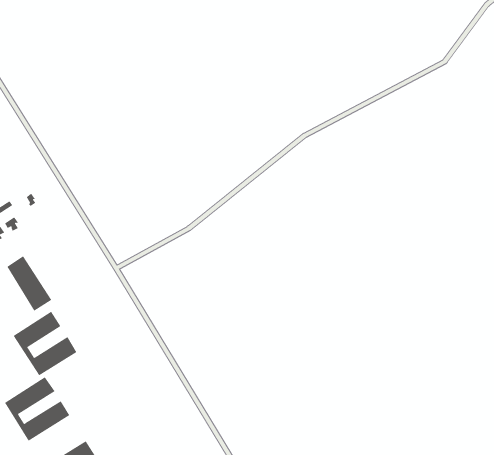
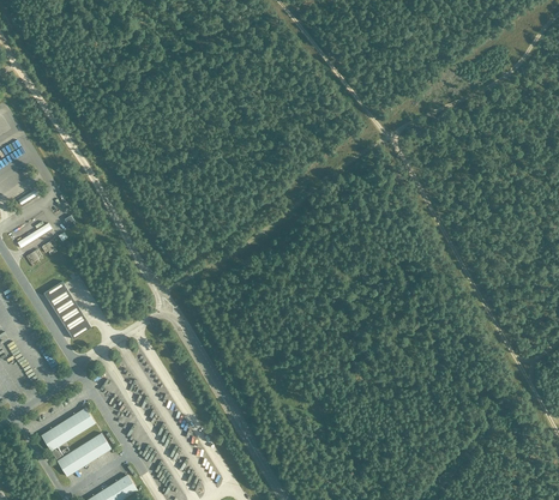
building: [13,311,77,376] -> none

